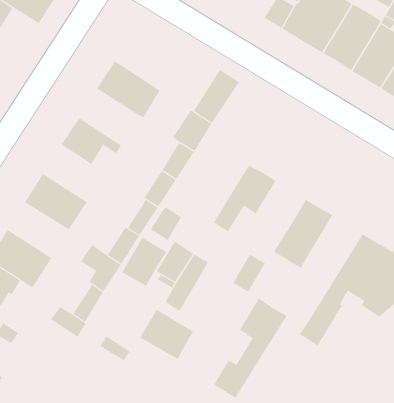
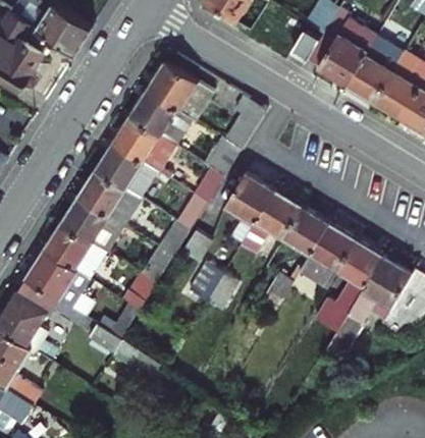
building: none -> [148,61,214,121]
building: none -> [114,117,175,179]
building: none -> [79,170,140,225]
building: none -> [225,171,275,222]
building: none -> [282,205,329,253]
building: none -> [46,225,105,278]
building: [122,237,167,286] -> none
building: [213,298,287,398] -> [313,237,383,333]
building: [139,309,194,360] -> none

